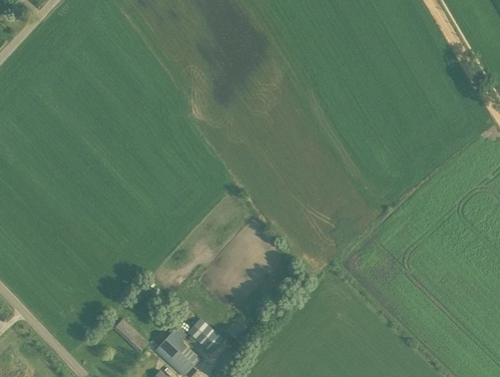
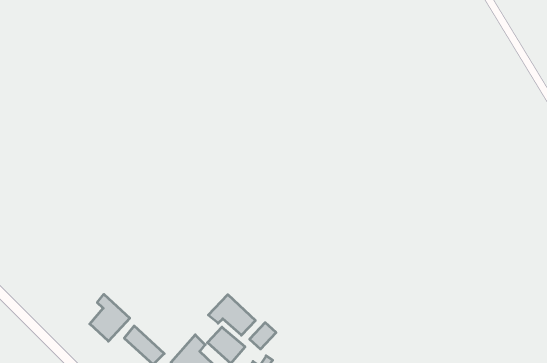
building: none -> [90,294,130,341]
building: none -> [208,295,255,335]

